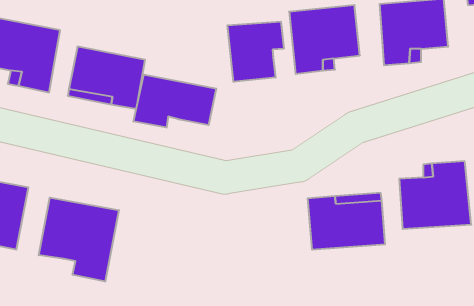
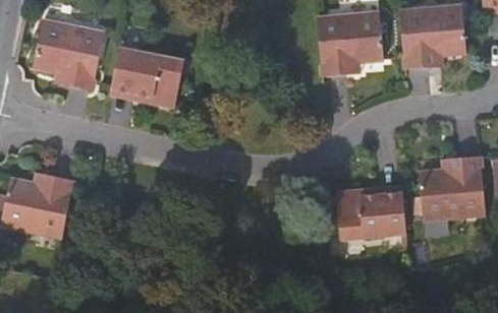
building: [227,22,284,82] -> none
building: [134,75,216,128] -> none
building: [39,198,119,282] -> none

